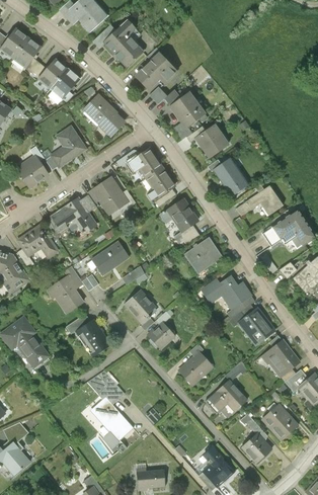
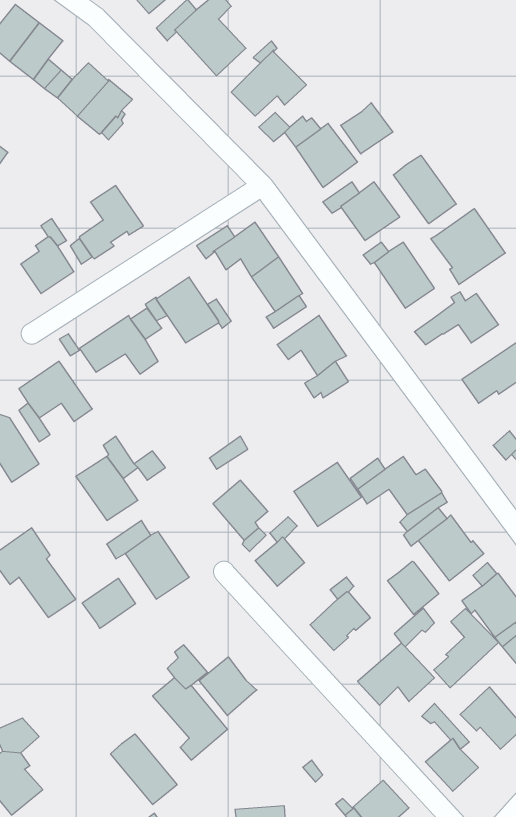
building: none -> [341,103,393,154]
building: [81,93,127,138] -> none
building: none -> [393,155,456,224]
building: none -> [431,209,505,285]
building: [184,237,222,272] -> [294,462,361,526]
building: [91,241,129,274] -> none
building: none -> [388,561,439,615]
building: none -> [82,578,136,628]
building: none -> [434,608,499,688]
building: none -> [199,657,257,716]
building: none -> [111,734,177,805]

